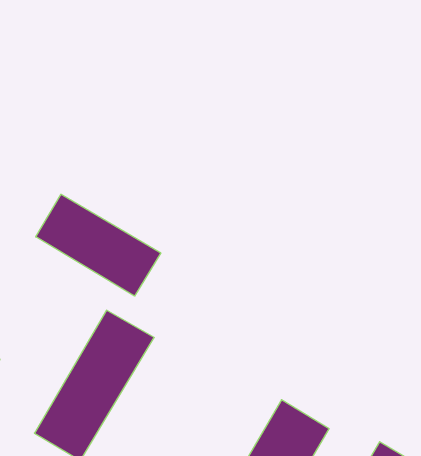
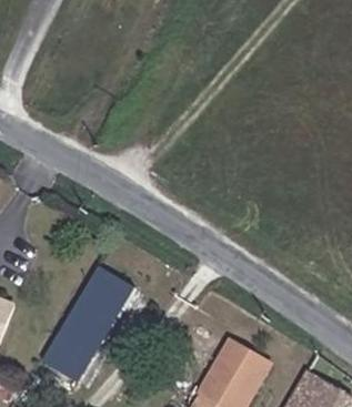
building: [36,194,161,296] -> none

